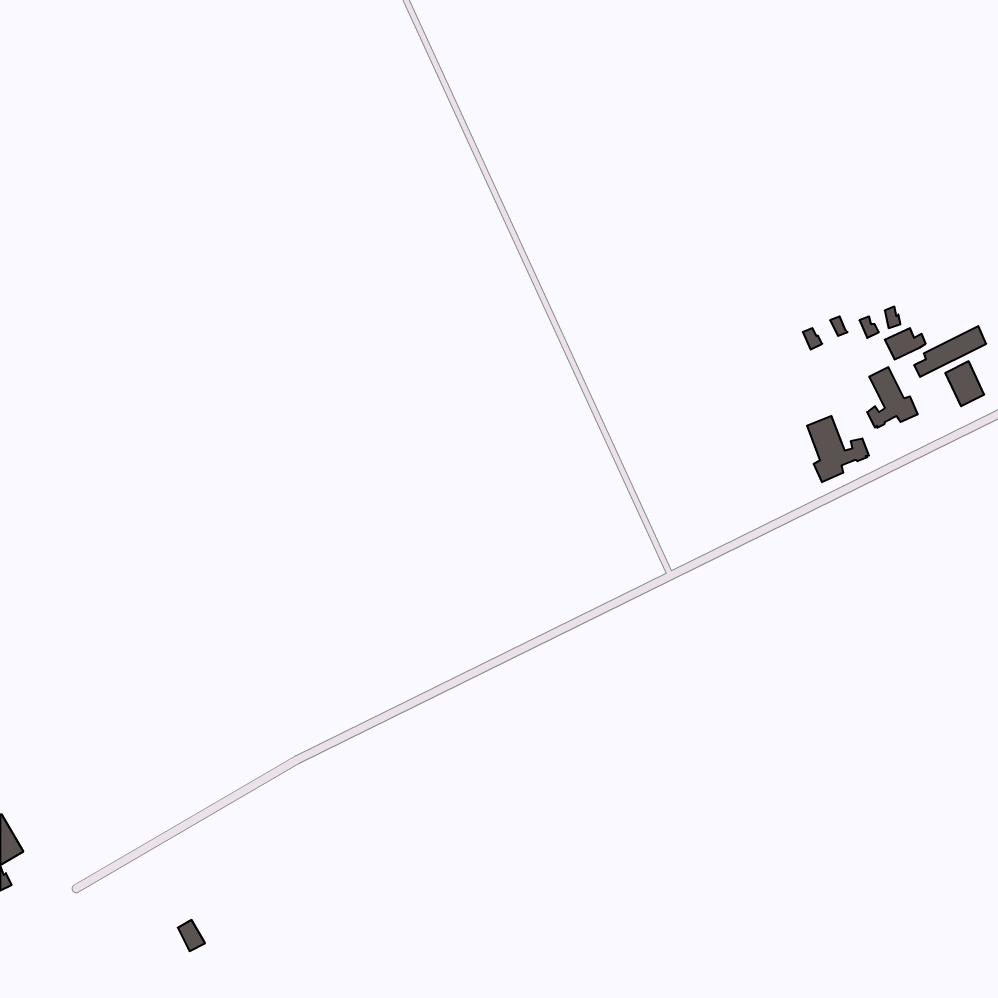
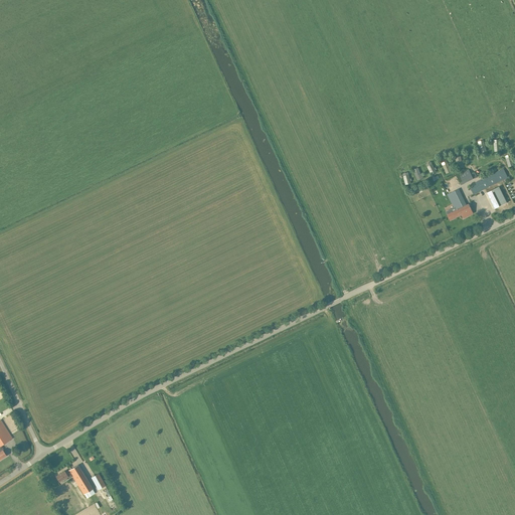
building: [807,416,869,482] -> none
building: none -> [56,465,96,499]

